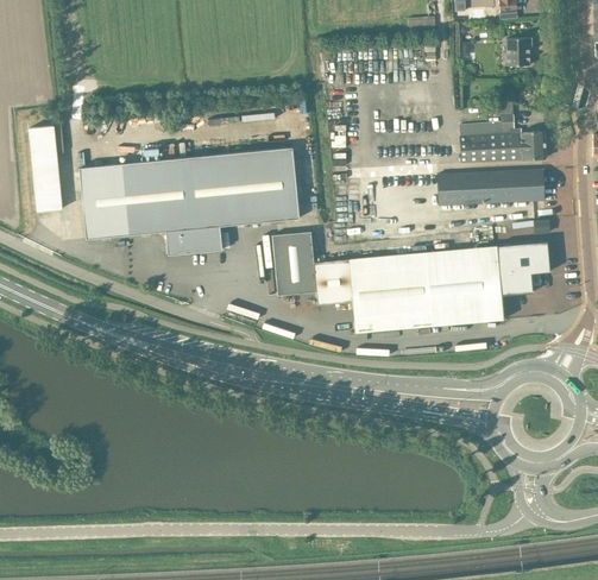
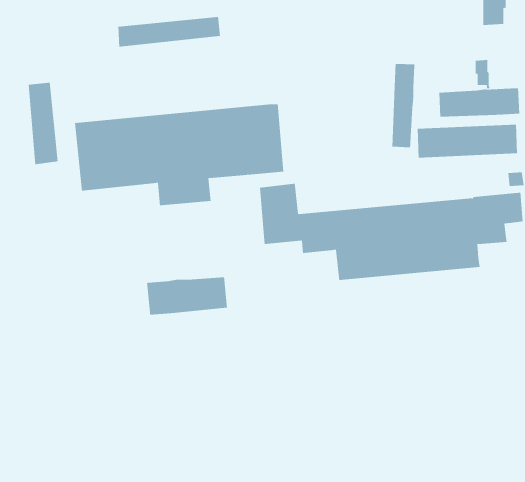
building: none -> [118,16,221,48]
building: none -> [392,63,415,148]
building: none -> [147,276,227,315]

